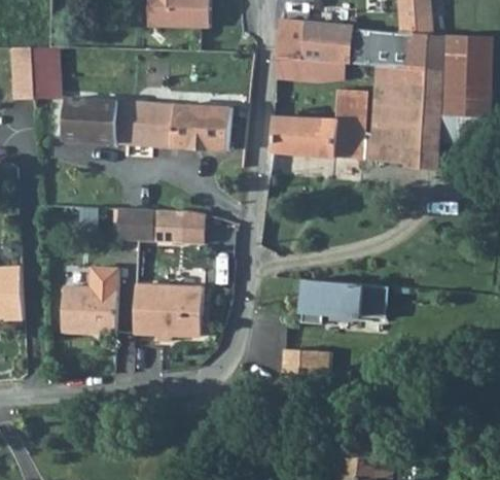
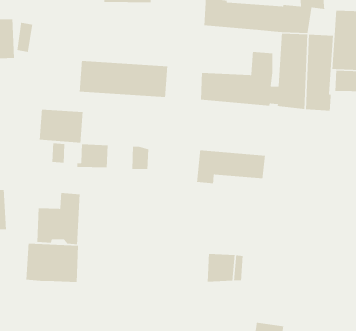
building: [410,33,445,68] -> none
building: [275,56,345,81] -> none
building: [61,97,118,141] -> [39,109,84,143]
building: [152,209,184,241] -> none
building: [299,279,389,323] -> [196,150,266,184]
building: [133,283,202,335] -> [25,243,79,283]

